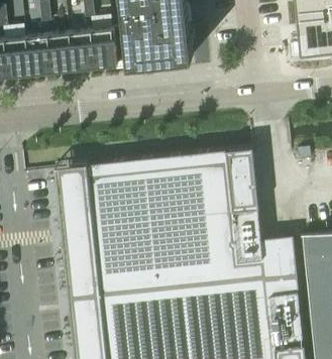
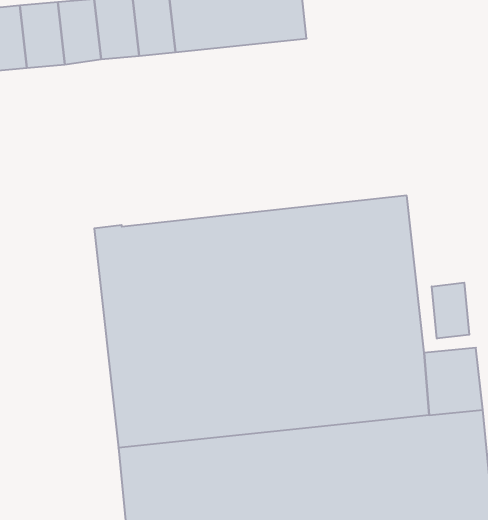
building: none -> [432,283,469,339]

